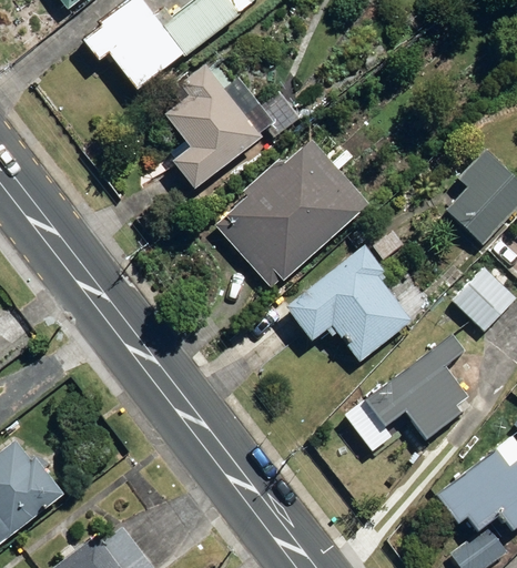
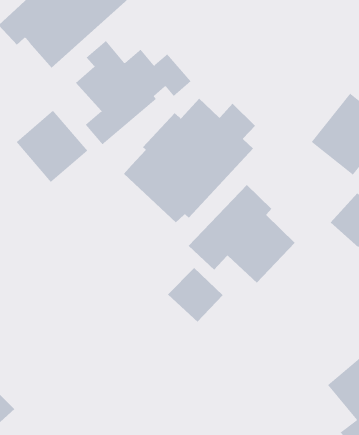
building: none -> [16,110,88,183]
building: [365,333,469,440] -> none
building: none -> [167,267,223,322]

